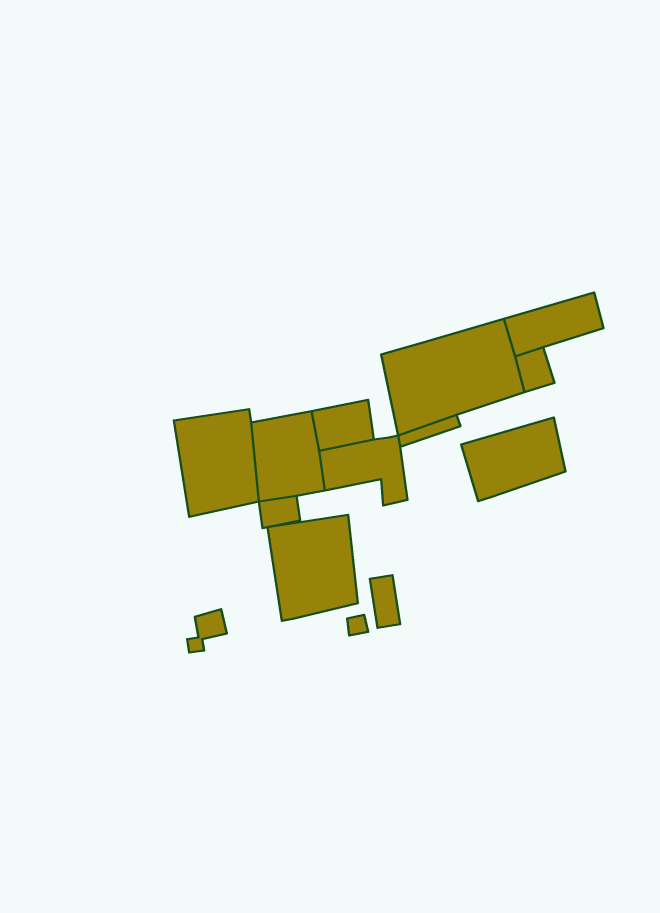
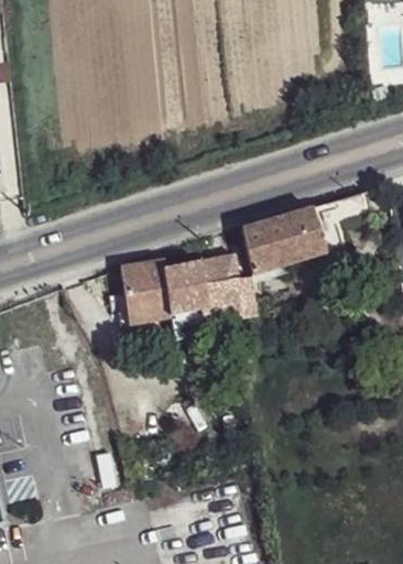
building: [461,417,566,501] -> none
building: [267,515,358,621] -> none

